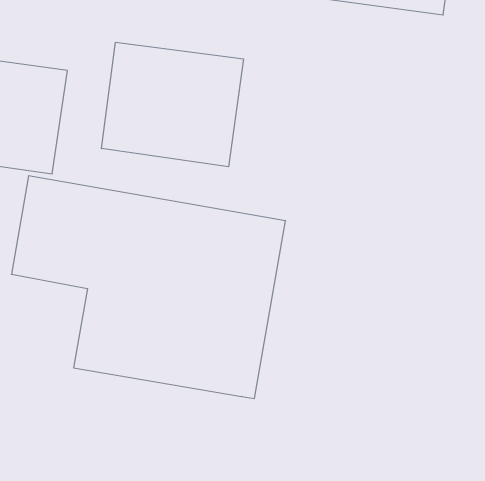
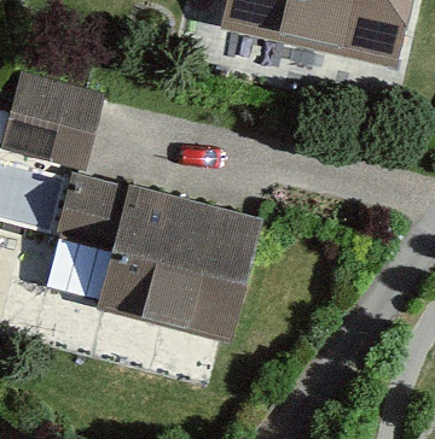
building: [101,42,243,167] -> none

